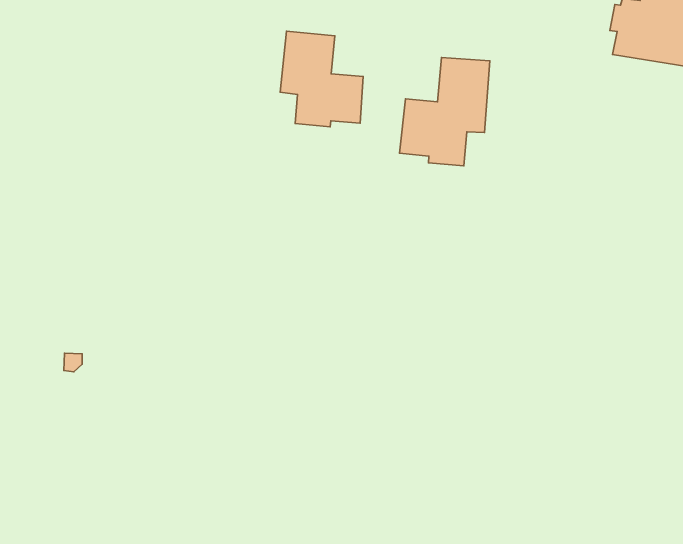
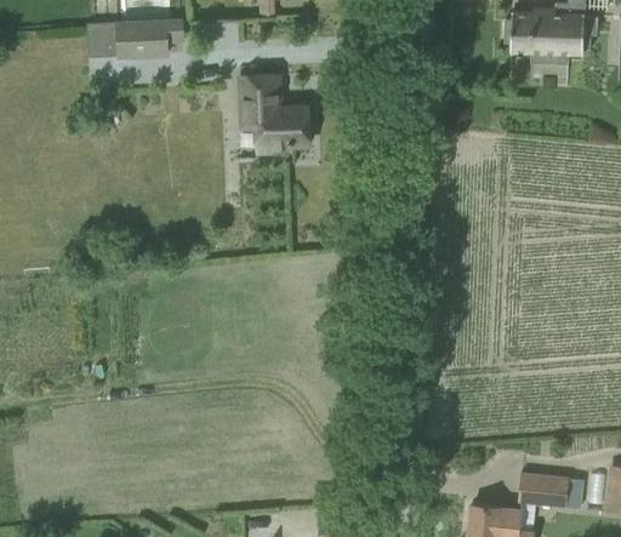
building: [400,57,490,166] -> none

